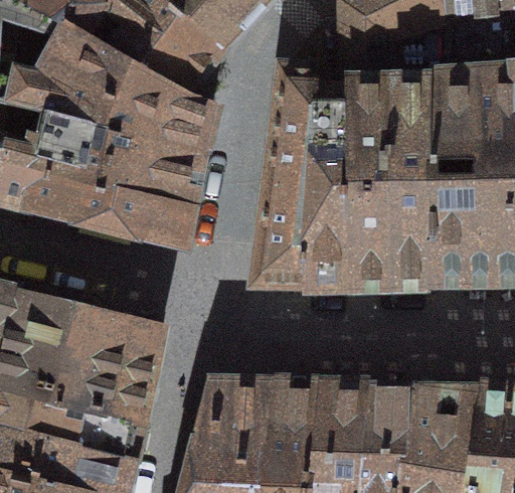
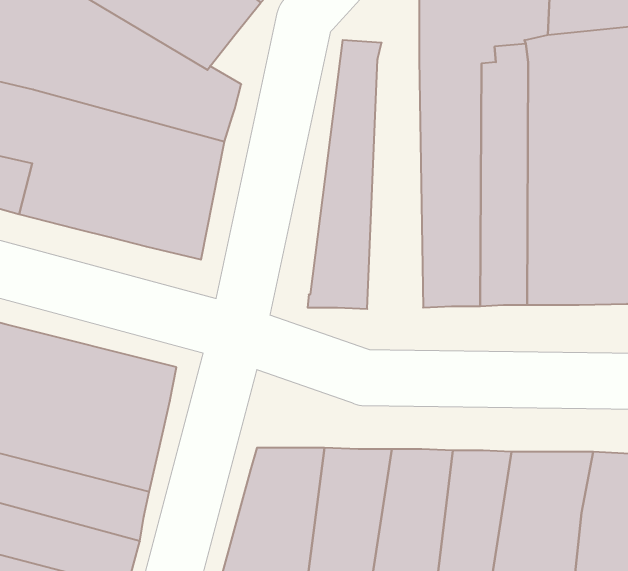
building: [306,74,349,281] -> none

